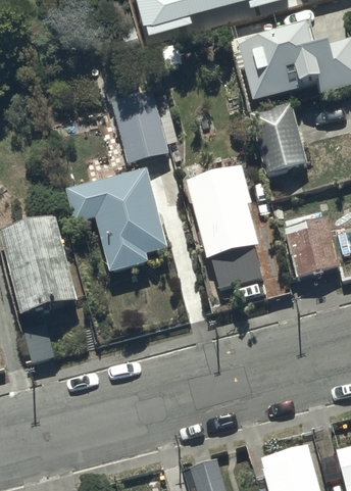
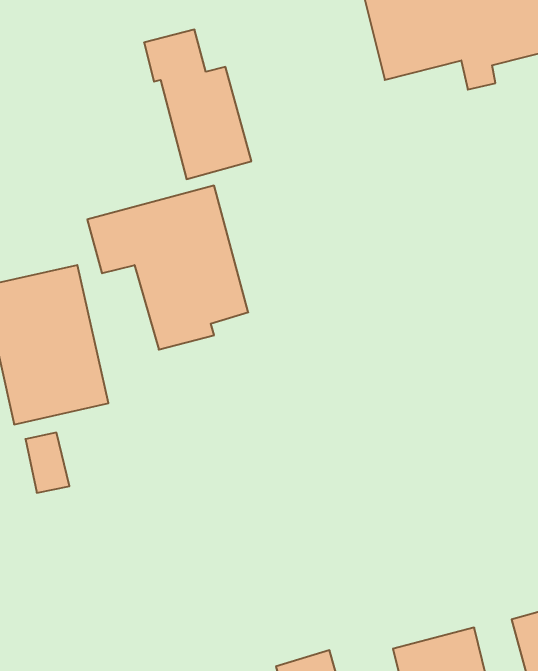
building: [249,101,307,174] -> none
building: [186,164,261,275] -> none
building: [284,215,340,277] -> none

